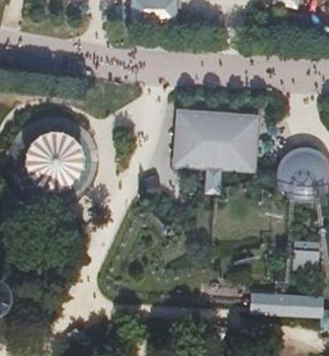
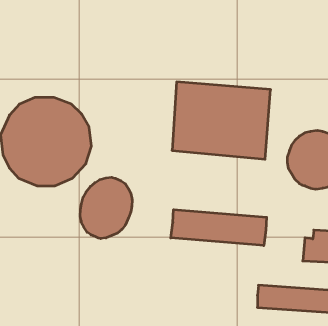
building: none -> [80,177,132,239]
building: none -> [171,210,267,246]

